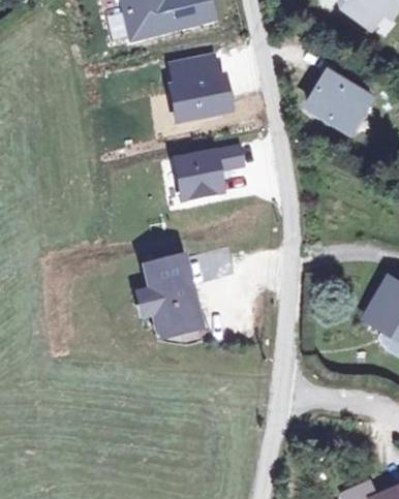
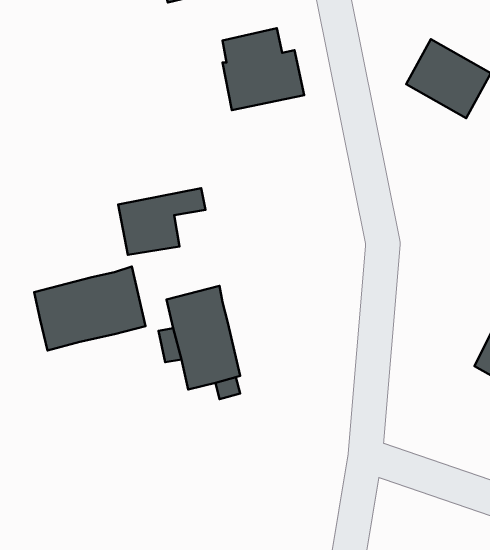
building: [178,147,244,197] -> [118,188,205,255]
building: none -> [34,267,146,350]

